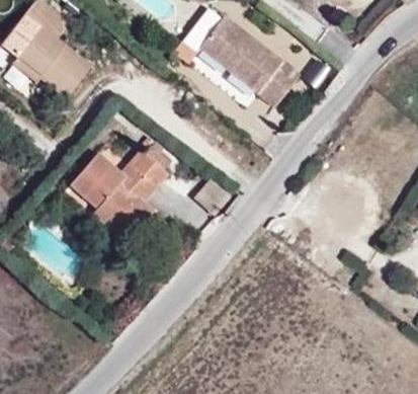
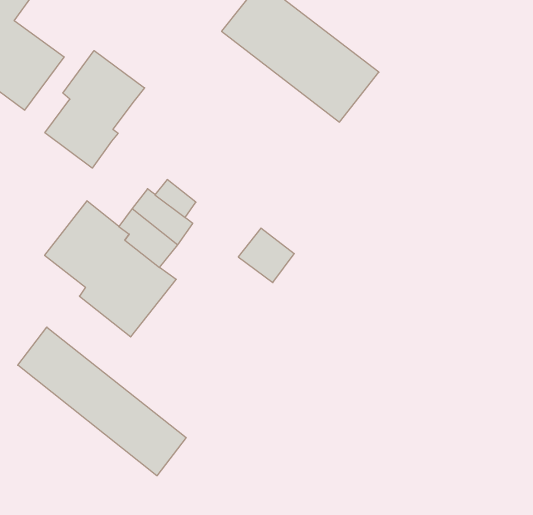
building: none -> [45,51,145,168]
building: none -> [18,327,186,476]

